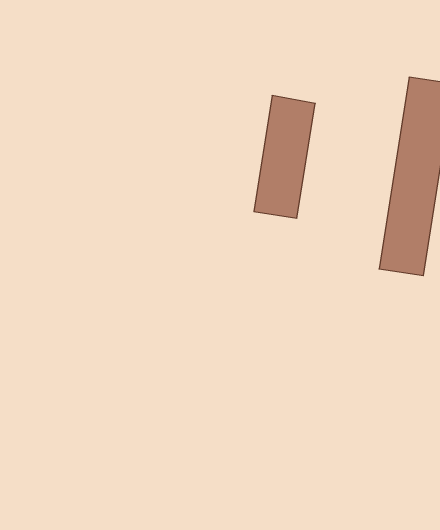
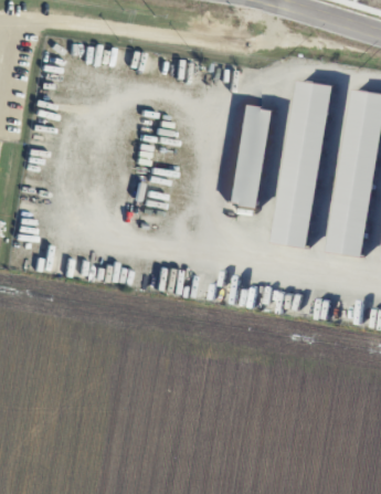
building: none -> [273,78,334,248]

